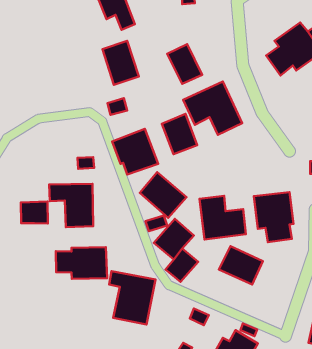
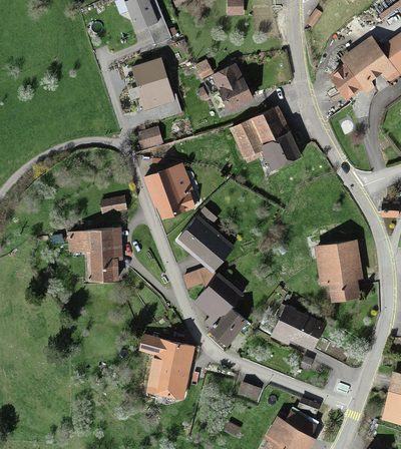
building: [162,114,197,154] -> none
building: [199,196,246,239] -> none
building: [21,201,48,223] -> none
building: [56,247,107,279] -> none

